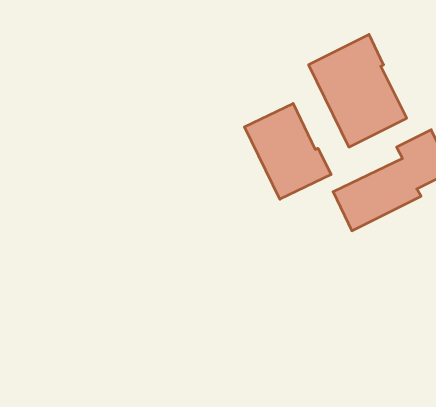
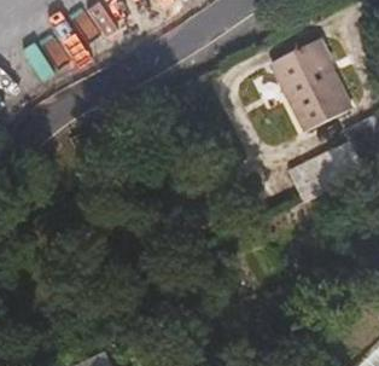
building: [244,103,331,199] -> none

